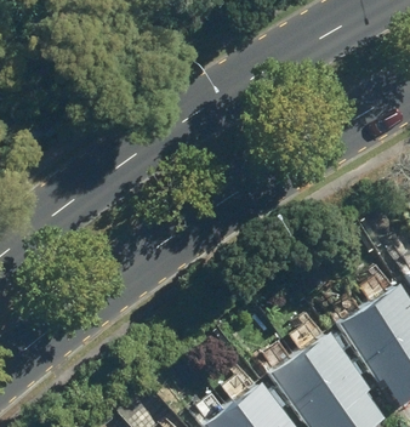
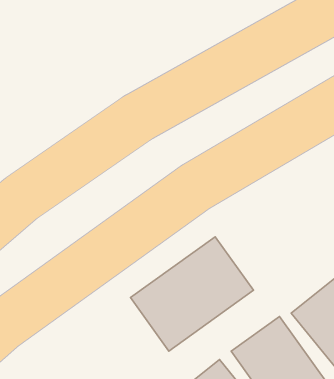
building: none -> [130,237,254,351]

